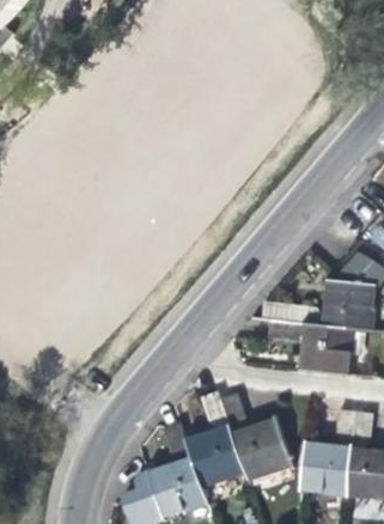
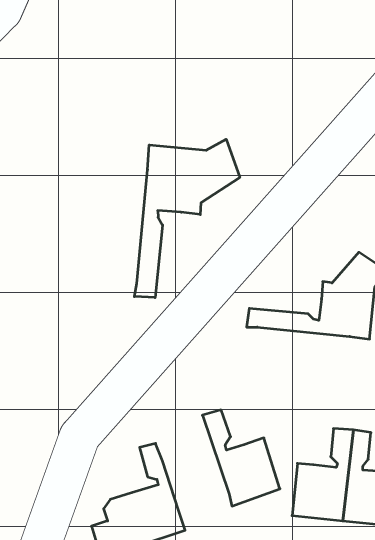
building: none -> [134,139,240,298]
building: [267,321,352,374] -> none
building: [184,391,244,485] -> none

